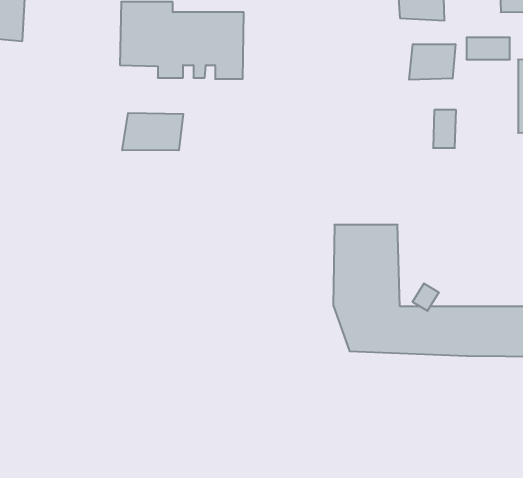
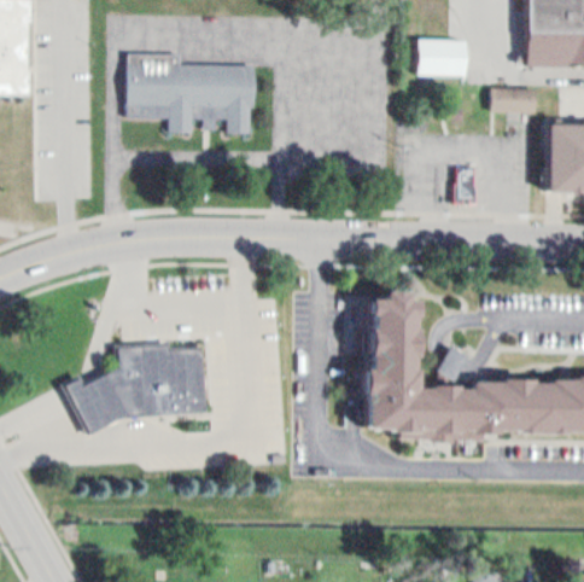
building: [409,44,455,80] -> none
building: [122,113,183,150] -> none
building: none -> [62,347,206,436]

